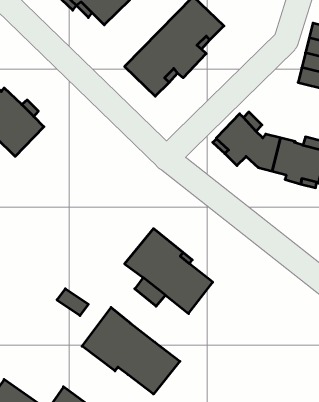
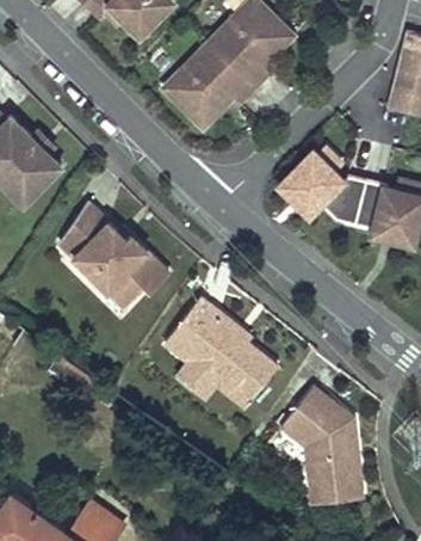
building: none -> [60,203,168,306]
building: none -> [279,385,361,503]
building: [82,307,180,394] -> none

